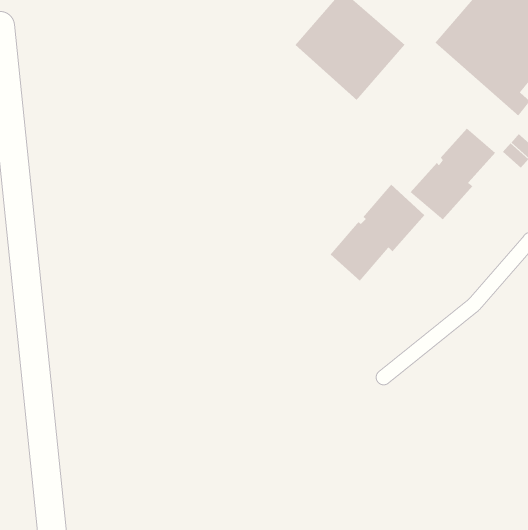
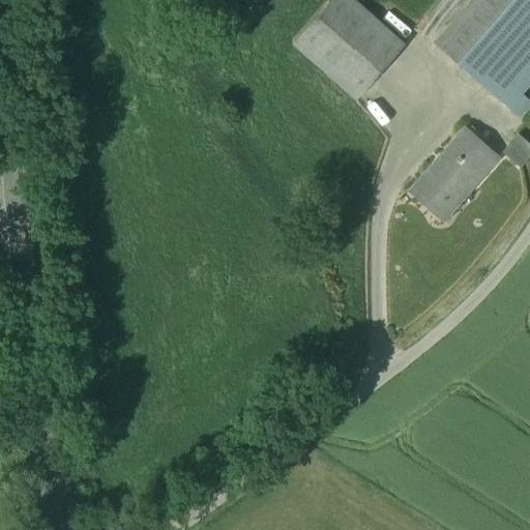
building: [330,184,425,282] -> none

